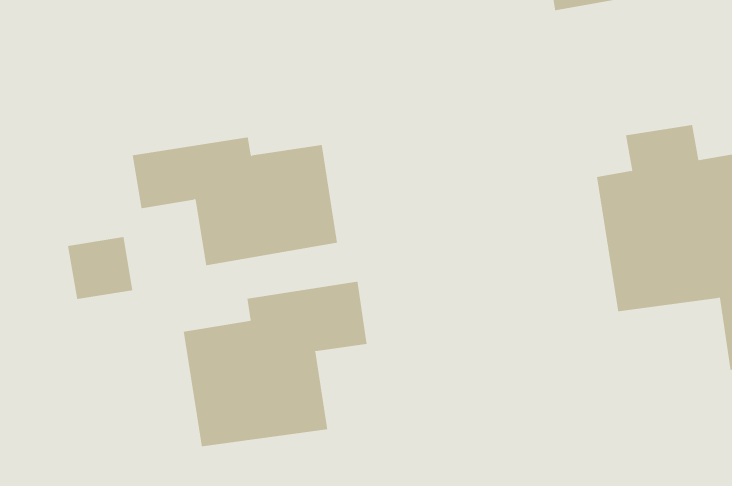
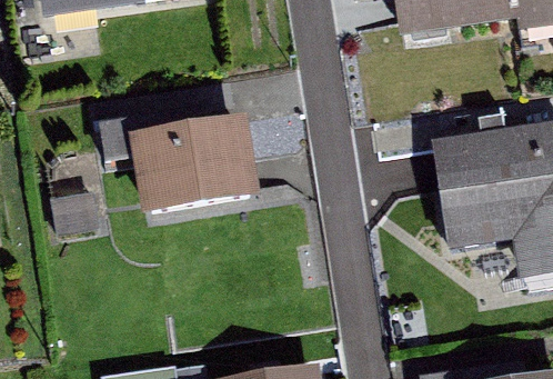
building: [183,281,367,447] -> none

